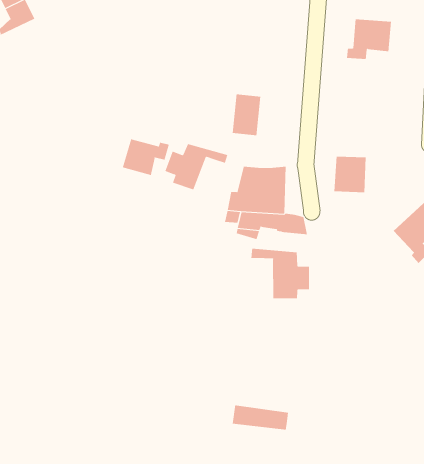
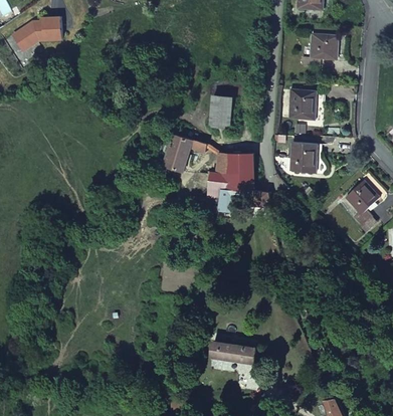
building: none -> [283,90,316,127]
building: [122,138,170,176] -> none
building: [251,248,310,299] -> none

